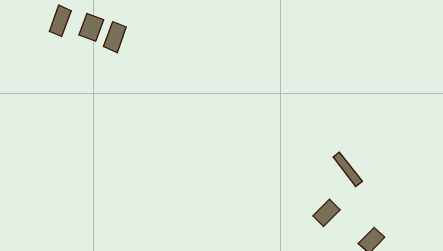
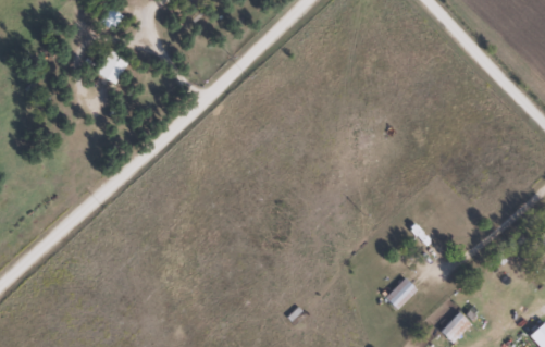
building: [49,5,71,37] -> none
building: [104,22,126,53] -> none

